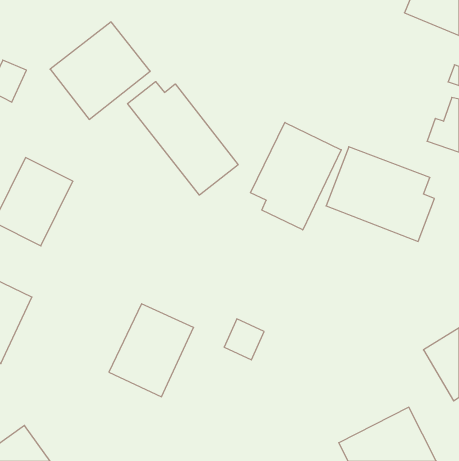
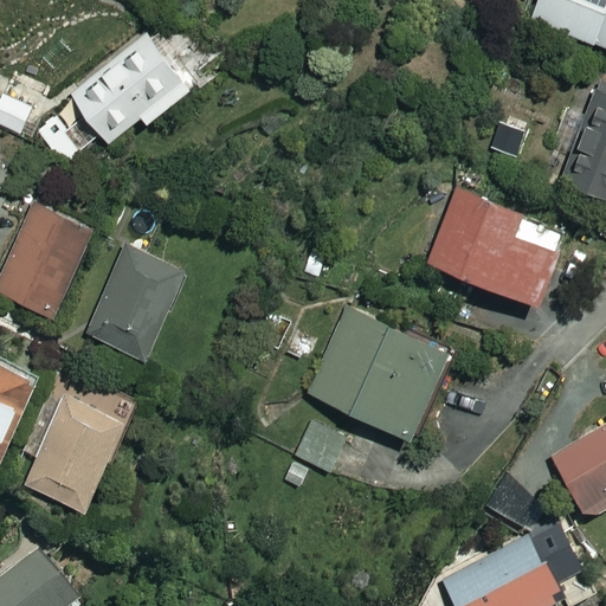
building: [128,82,238,195] -> none
building: [251,122,341,230] -> none
building: none -> [83,246,189,363]
building: none -> [302,303,453,444]
building: [109,304,194,397] -> [21,395,131,516]

